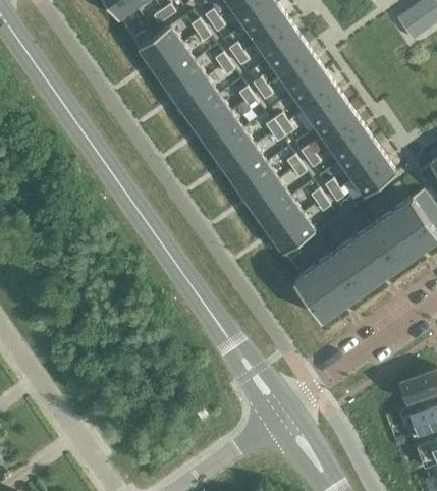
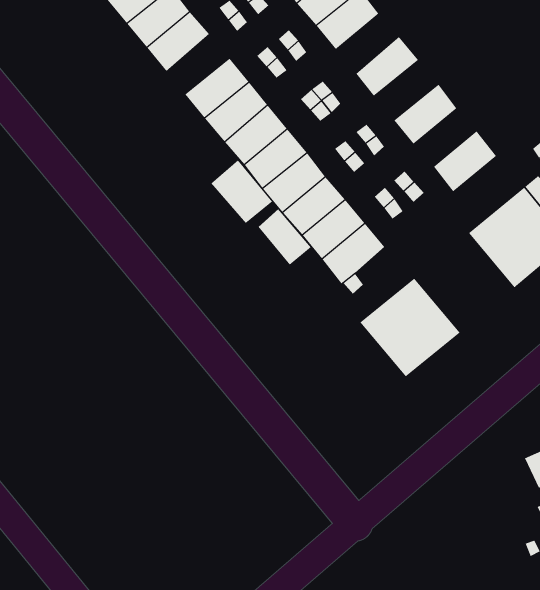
building: [291,72,335,112] -> none
building: [175,77,219,117] -> none
building: [315,106,360,146] -> none
building: [339,141,383,179] -> none
building: none -> [211,160,273,224]
building: none -> [258,209,311,265]
building: [333,226,400,293] -> none

